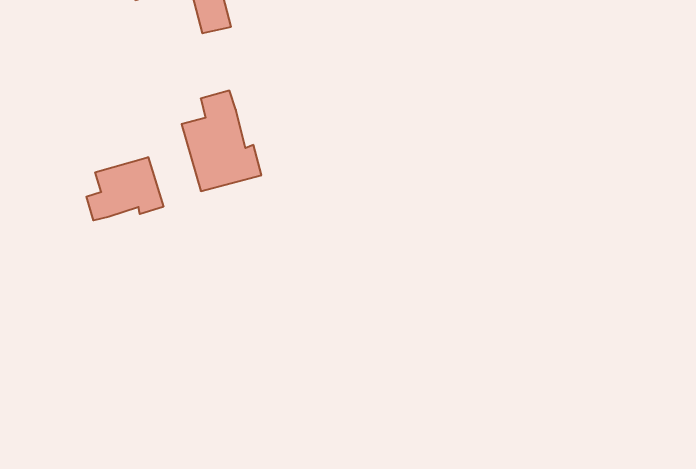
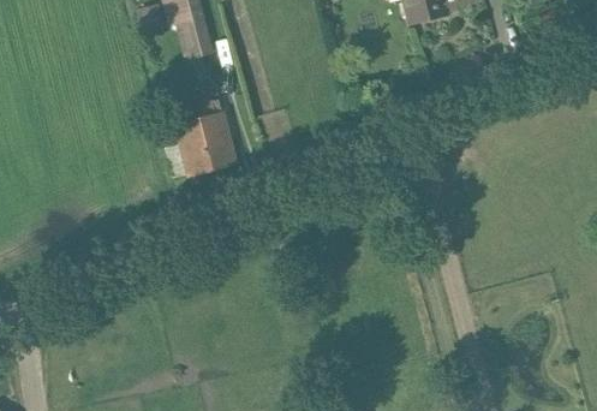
building: [86,157,163,220] -> none

